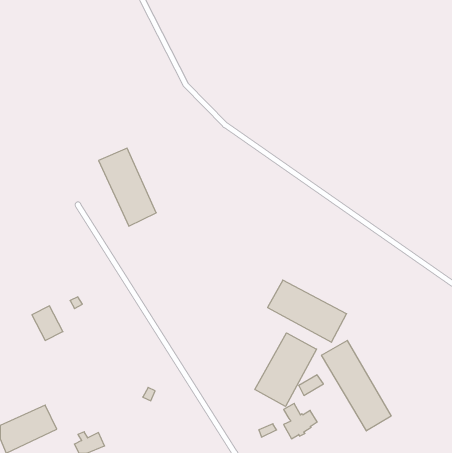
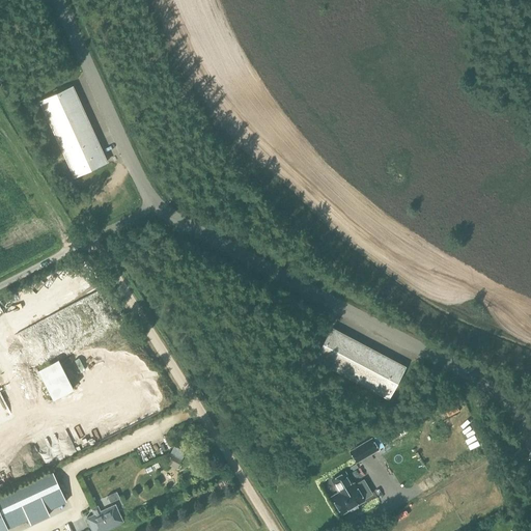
building: [99,148,156,226] -> [40,86,108,177]
building: [255,333,317,406] -> none
building: [322,340,391,431] -> none

